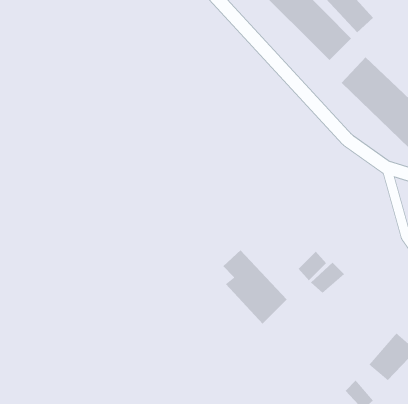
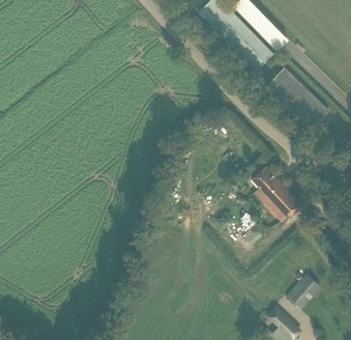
building: [222,250,288,324] -> [252,166,300,222]

